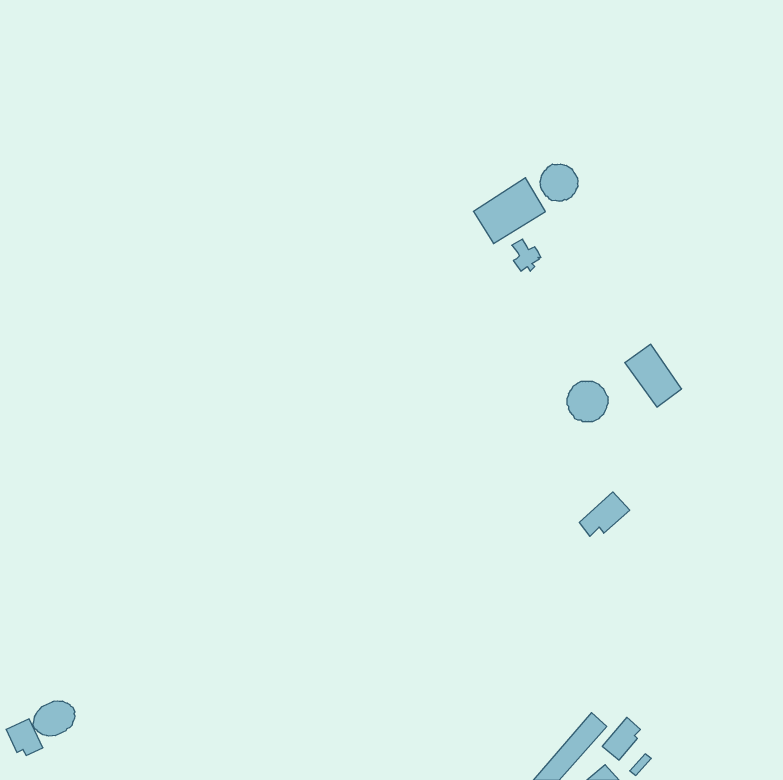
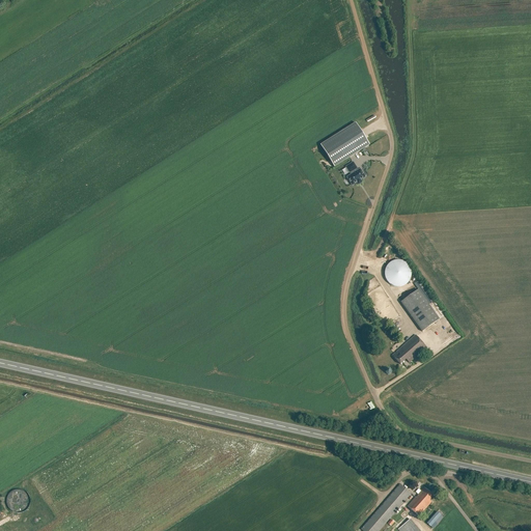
building: [540,164,578,201] -> none
building: [625,344,682,407] -> [400,287,439,330]
building: [33,701,75,736] -> none

